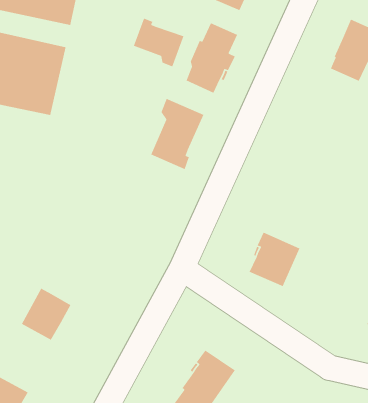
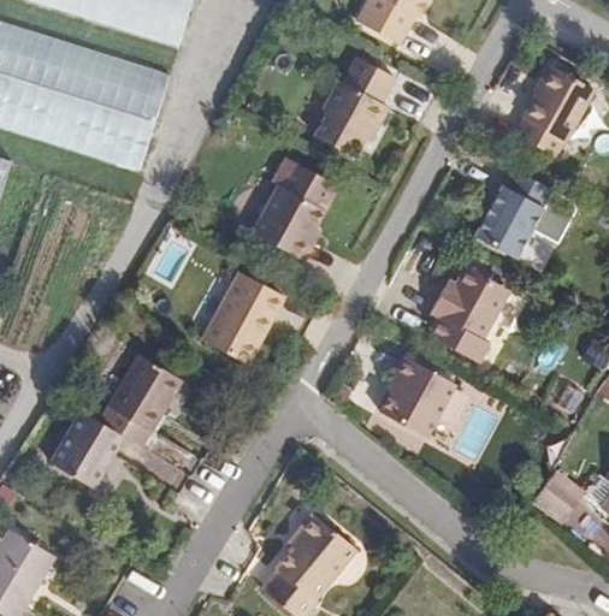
building: [133,17,185,68] -> none
building: none -> [477,170,555,259]
building: none -> [428,265,510,361]
building: none -> [201,270,283,362]
building: none -> [102,353,187,445]

